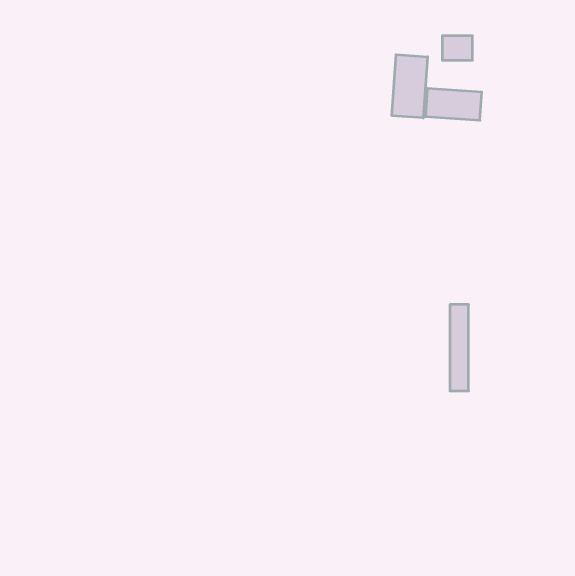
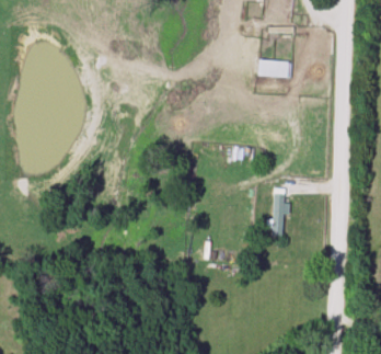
building: [392,55,428,118] -> none

